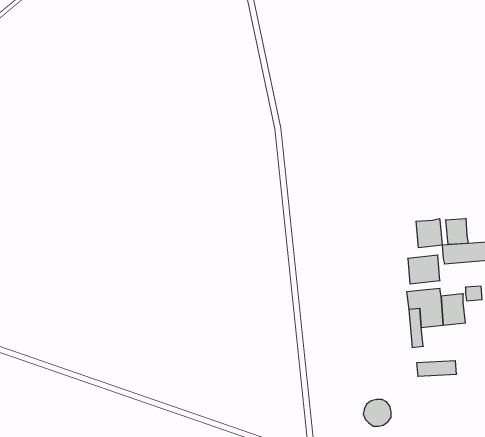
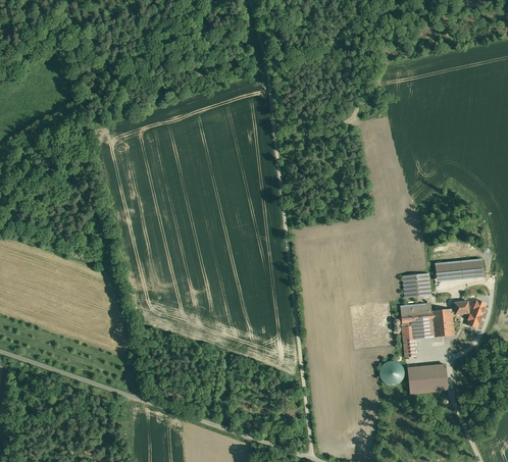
building: [446,218,468,245] -> none
building: [416,219,442,248] -> none
building: [363,400,391,426] -> [378,361,404,386]

